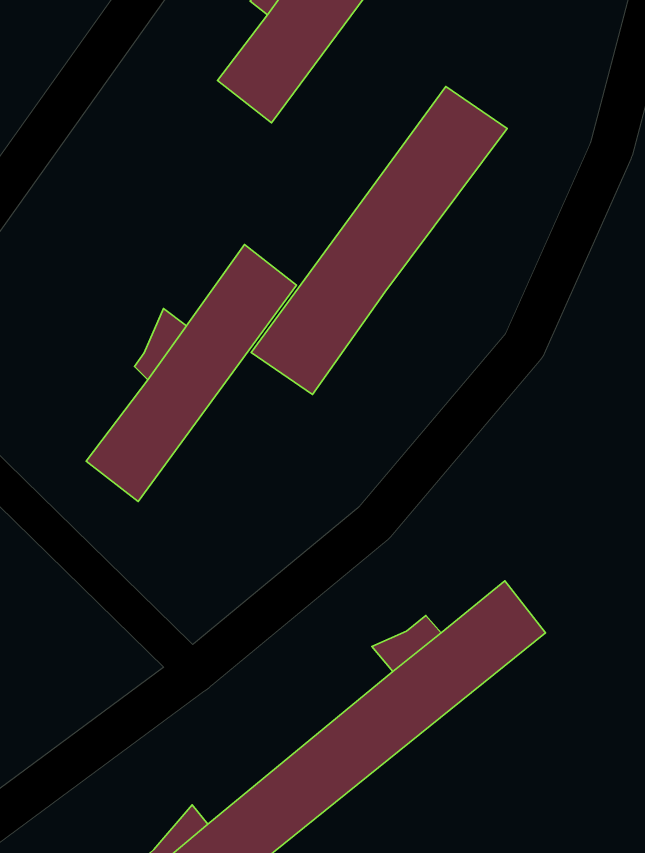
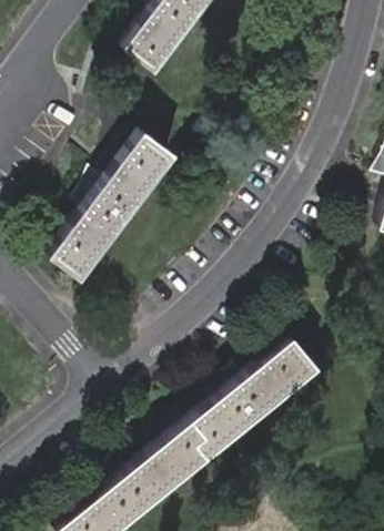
building: [251,87,507,395] -> none

